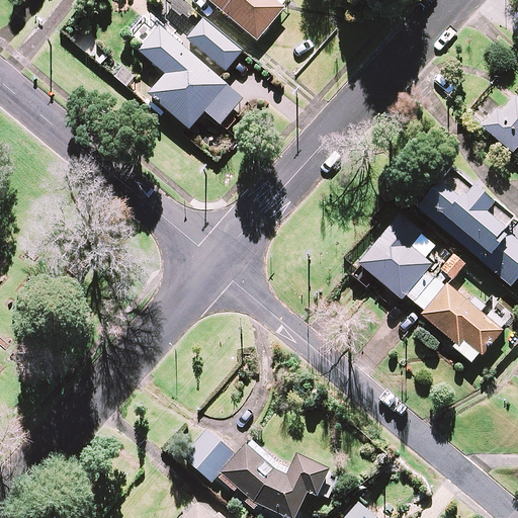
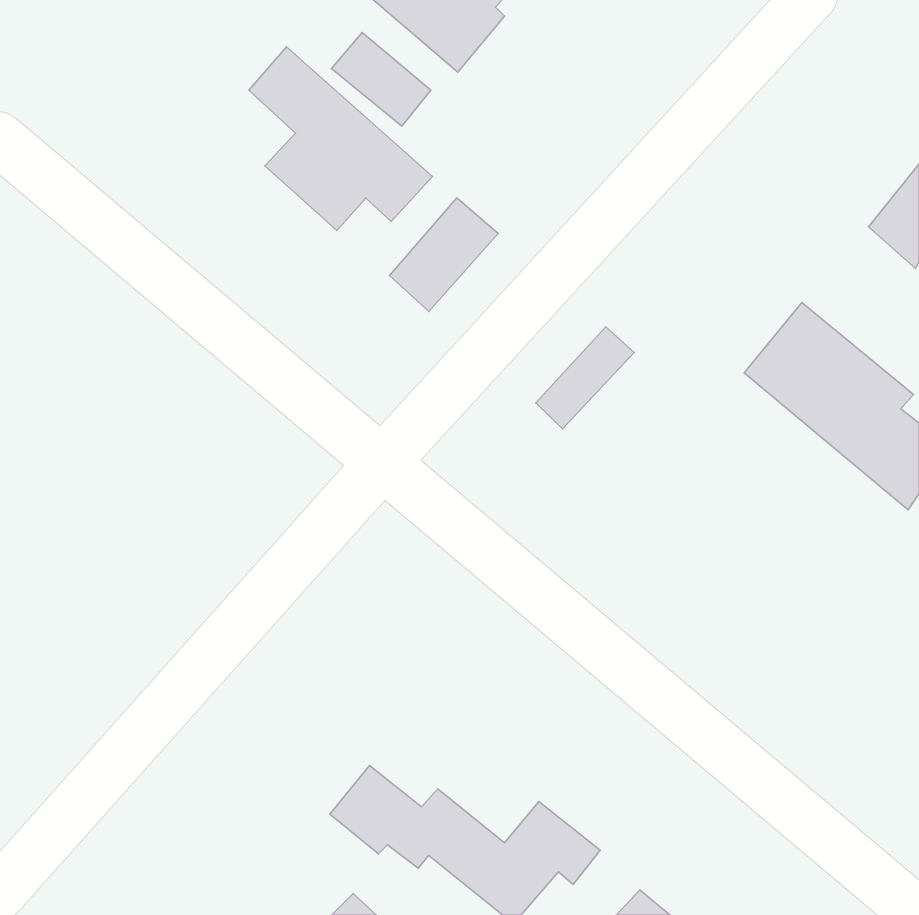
building: none -> [389,198,498,311]
building: none -> [536,327,634,429]
building: [357,210,502,363] -> none

